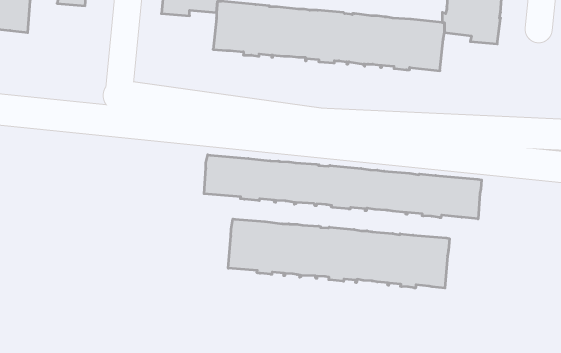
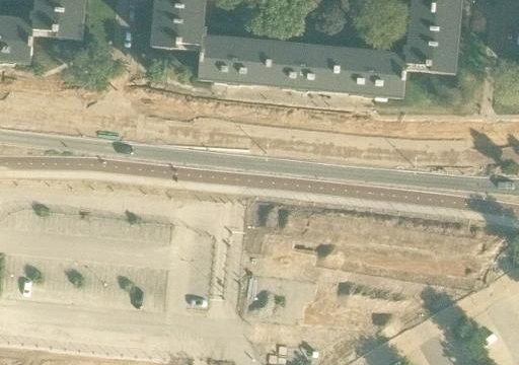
building: [204,155,482,219] -> none
building: [228,219,449,288] -> none

